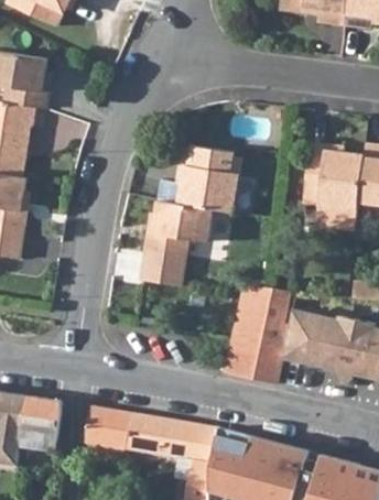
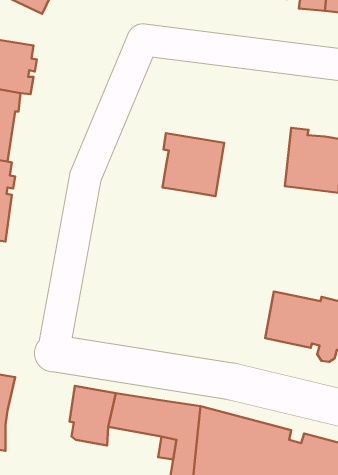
building: [139,200,212,286] -> none
building: [223,285,294,384] -> none
building: [18,396,61,449] -> none

